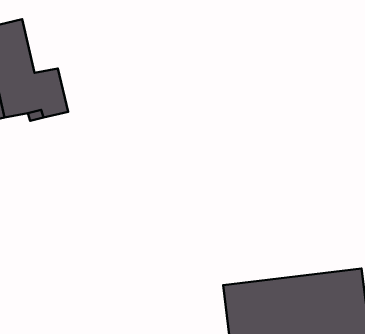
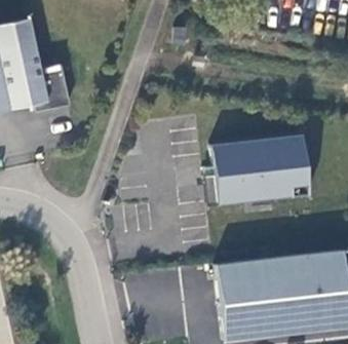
building: none -> [205,133,310,205]

